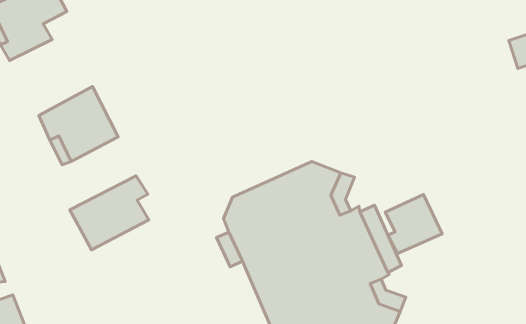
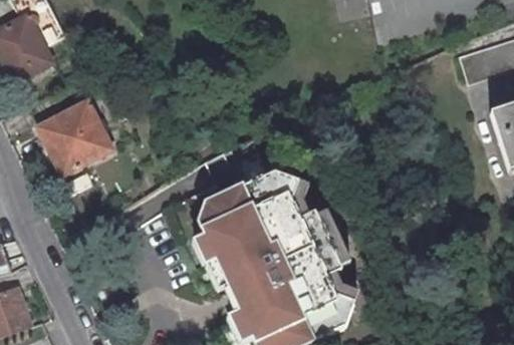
building: [70,176,149,250] -> none
building: [385,194,442,254] -> none

